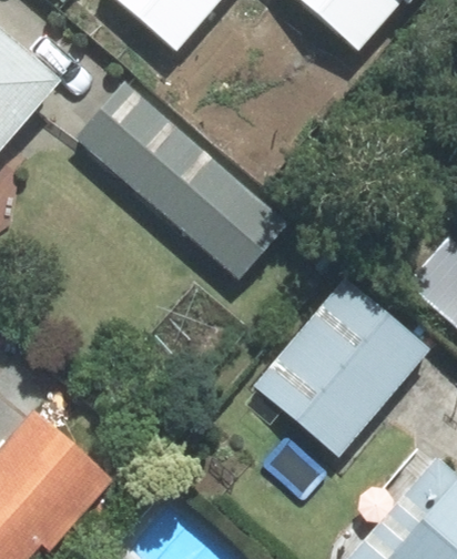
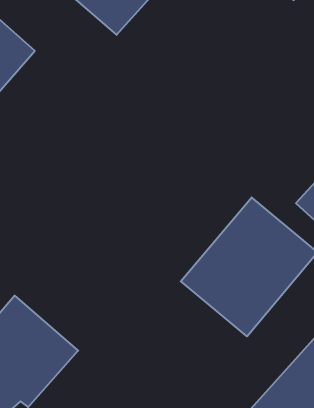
building: [75,81,287,281] -> none

